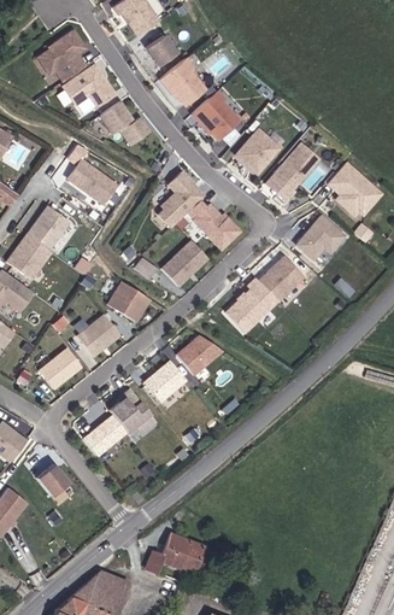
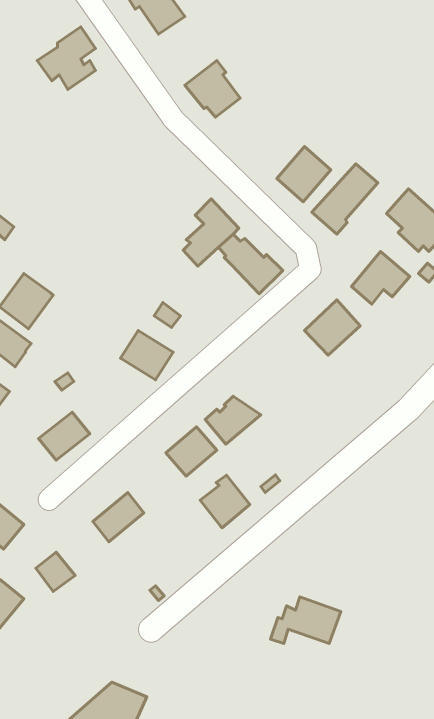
building: [146,35,177,66] -> none
building: [57,64,114,113] -> none
building: [192,90,240,140] -> none
building: [99,104,149,146] -> none
building: [67,160,116,204] -> none
building: [27,206,69,250] -> none
building: [161,241,207,286] -> none
building: [225,279,277,333] -> none
building: [76,315,119,357] -> none
building: [108,390,149,433] -> [200,475,250,528]
building: [146,534,204,573] -> [271,597,341,644]

